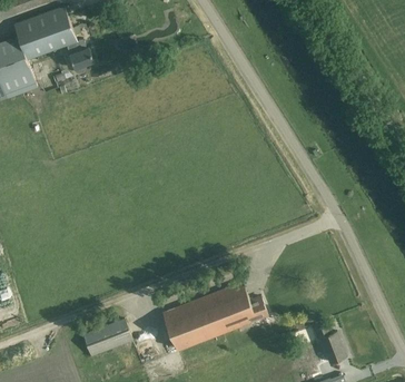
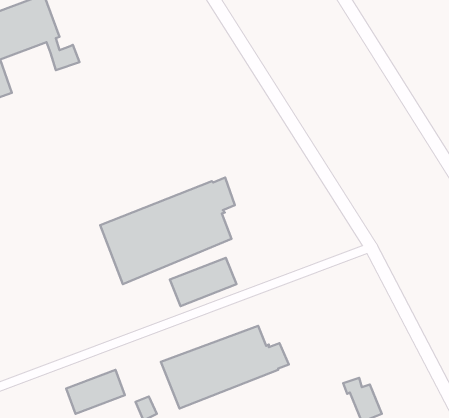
building: none -> [100,178,235,284]
building: none -> [170,258,237,306]

